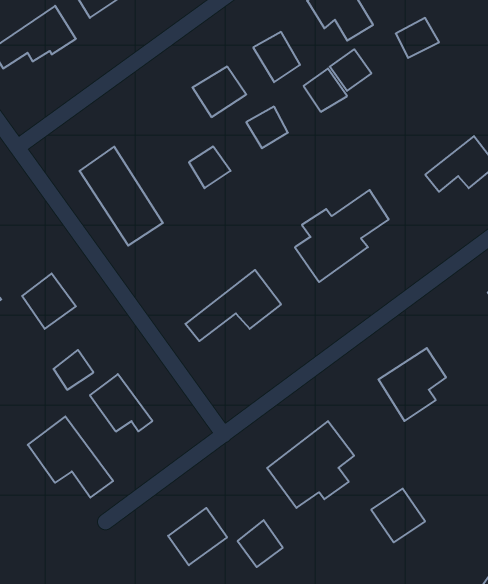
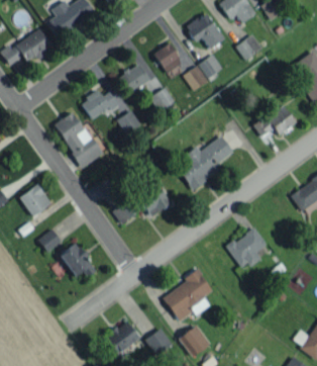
building: none -> [81,90,119,119]
building: [28,416,113,498] -> none
building: [371,489,425,542] -> [179,325,210,356]

